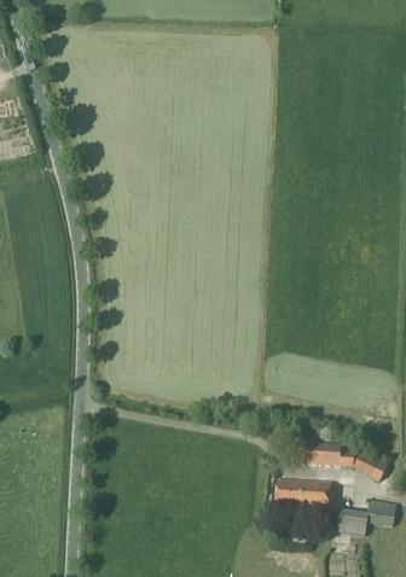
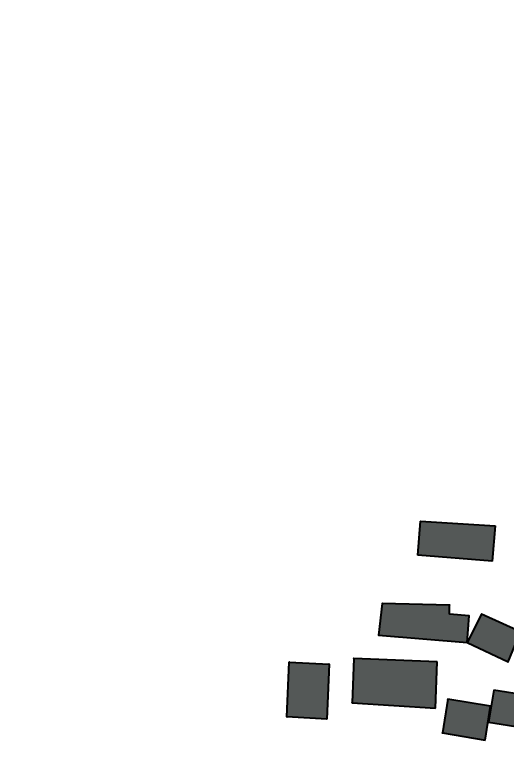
building: none -> [418,521,495,561]
building: none -> [287,662,329,719]

